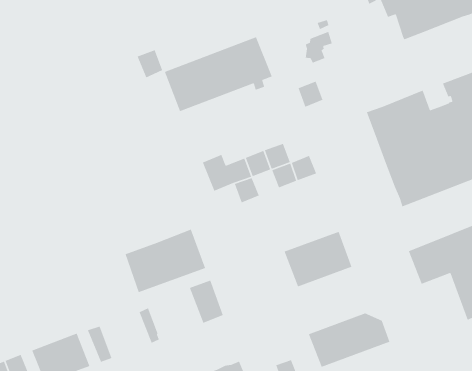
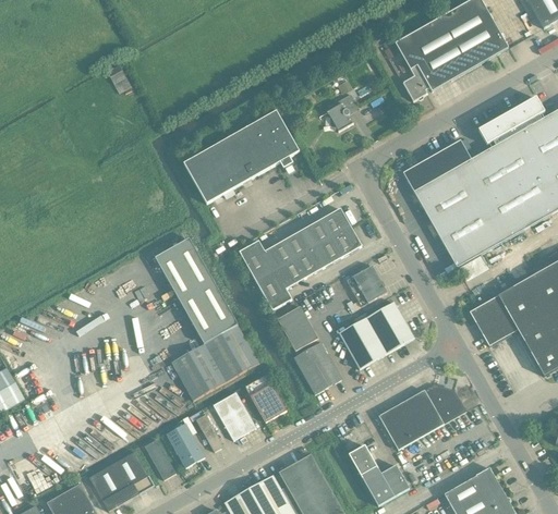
building: none -> [402,65,429,101]
building: [137,49,163,78] -> none
building: [298,80,324,108] -> [322,207,351,237]
building: none -> [155,238,238,343]
building: none -> [294,248,324,278]
building: none -> [256,269,292,309]
building: none -> [347,265,387,306]
building: none -> [277,305,341,393]
building: none -> [213,390,256,440]
building: none -> [167,423,205,467]

